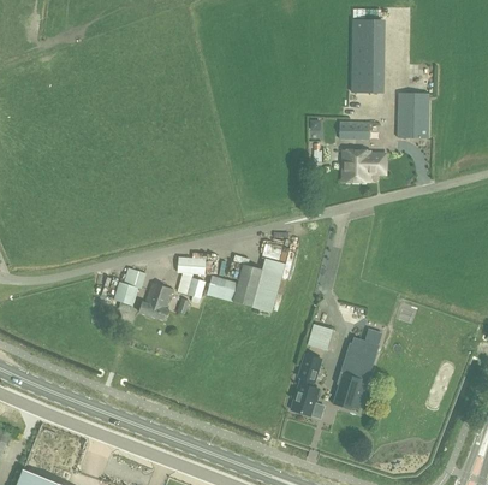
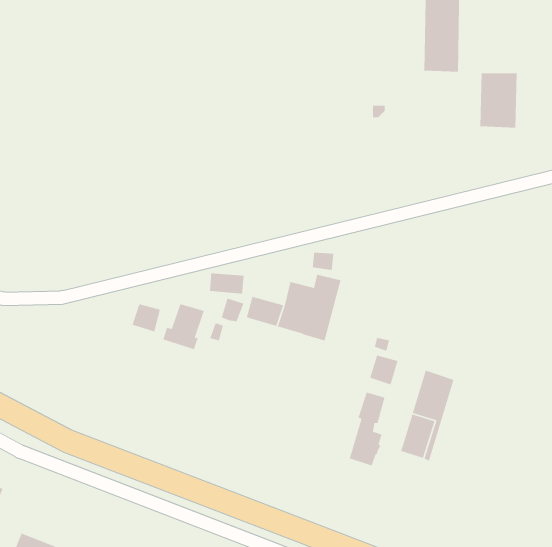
building: [338,122,368,140] -> none
building: [341,150,385,181] -> none

